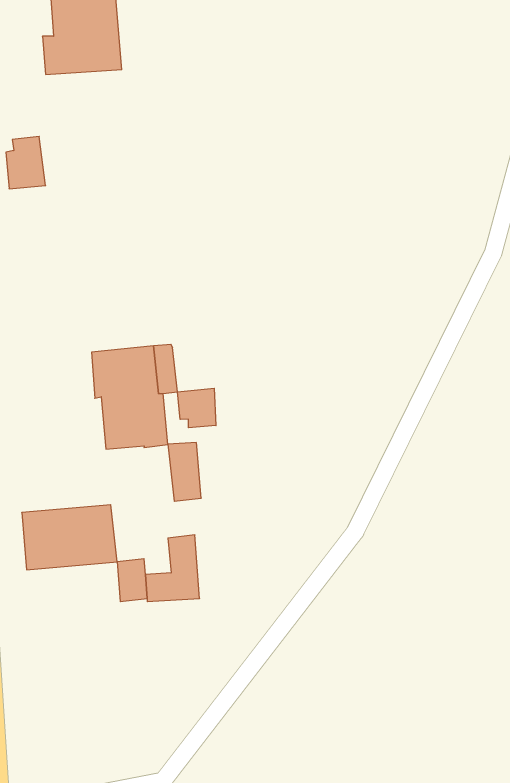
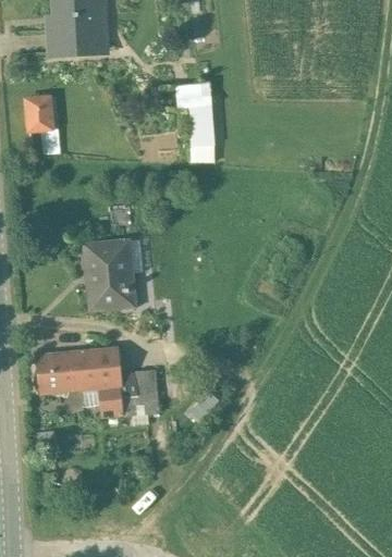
building: none -> [176,82,216,162]
building: [177,388,216,428] -> none
building: [168,443,201,501] -> [96,347,119,387]

